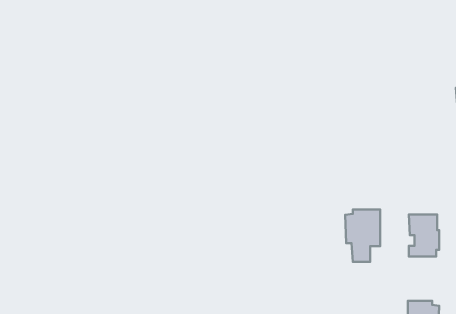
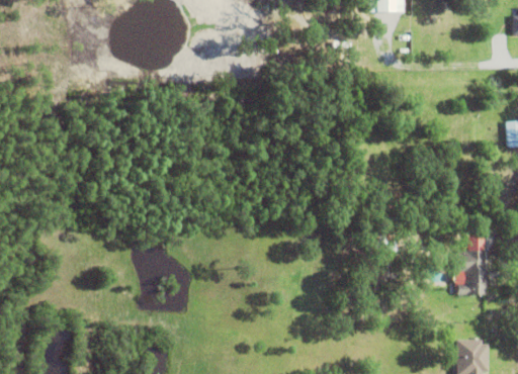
building: [345,210,380,262] -> none

